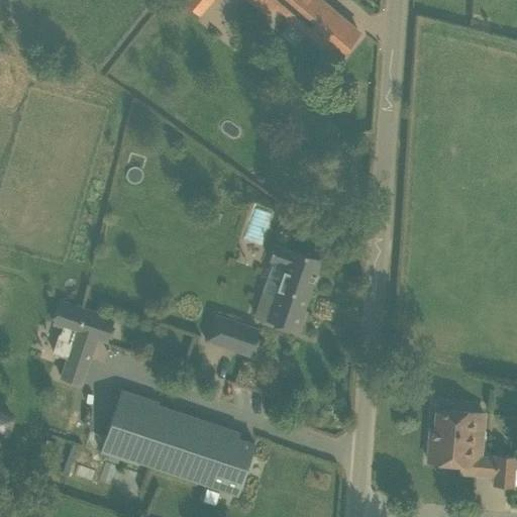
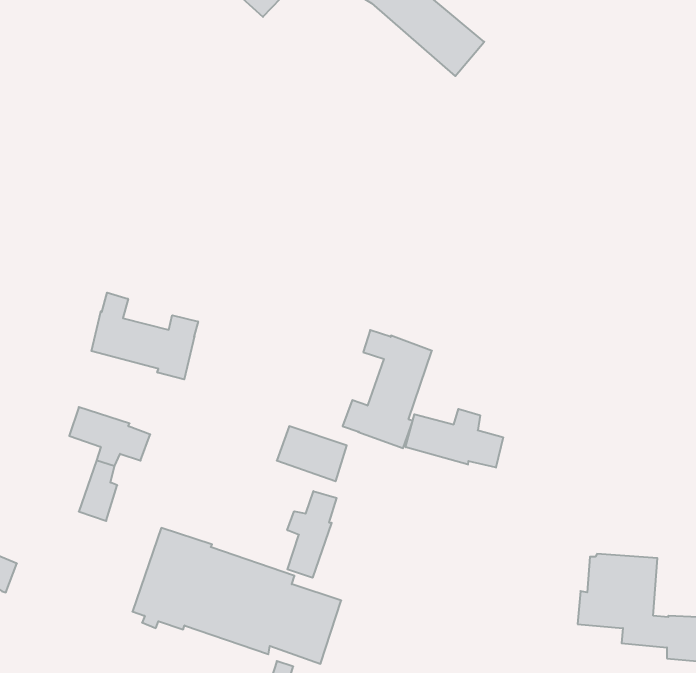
building: none -> [91,293,198,379]
building: none -> [406,409,503,468]
building: none -> [287,491,337,578]

